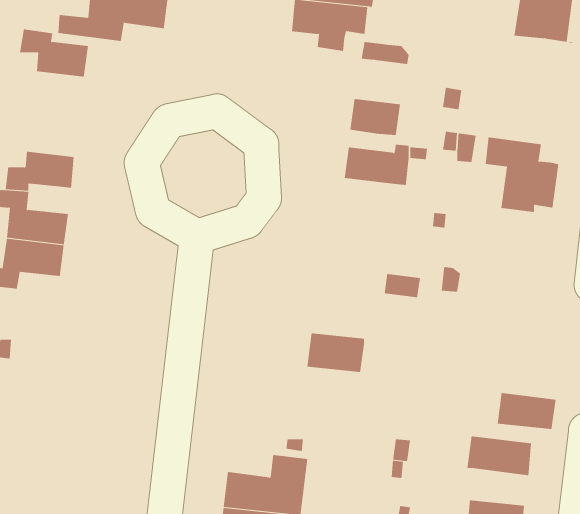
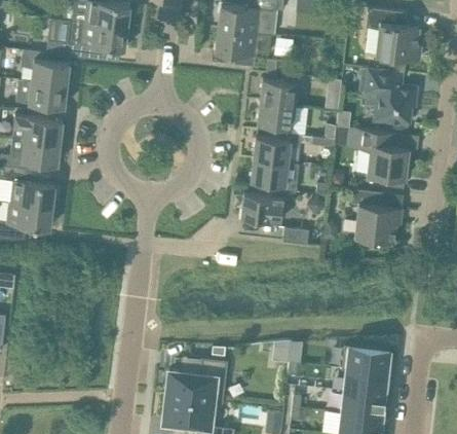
building: none -> [359,71,416,126]
building: none -> [261,80,298,107]
building: none -> [15,83,67,110]
building: none -> [12,117,63,145]
building: none -> [251,160,299,195]
building: none -> [352,191,403,245]
building: [307,333,365,373] -> [241,195,283,224]
building: [497,392,557,429] -> [344,370,387,397]

